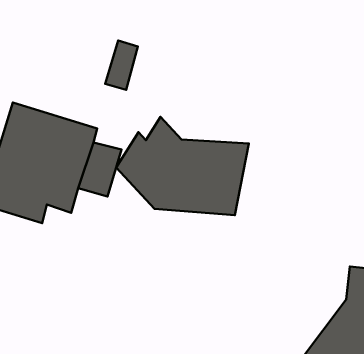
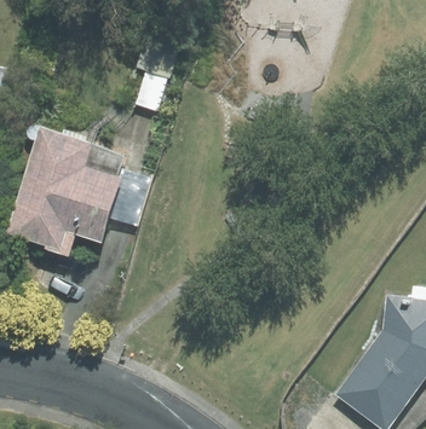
building: [116,117,249,215] -> none

